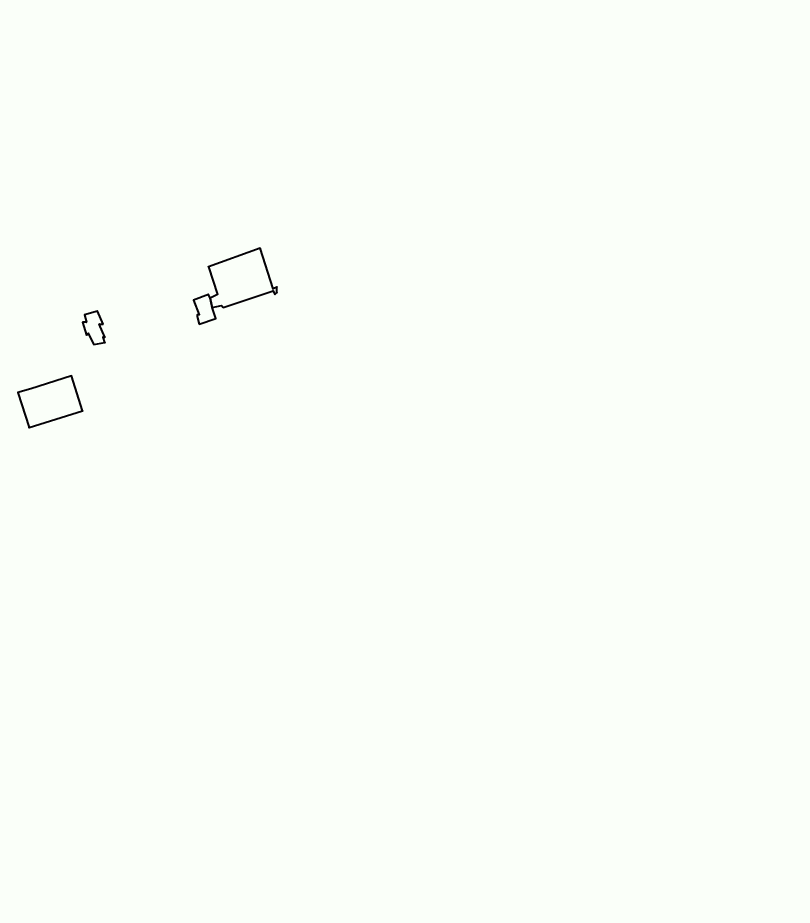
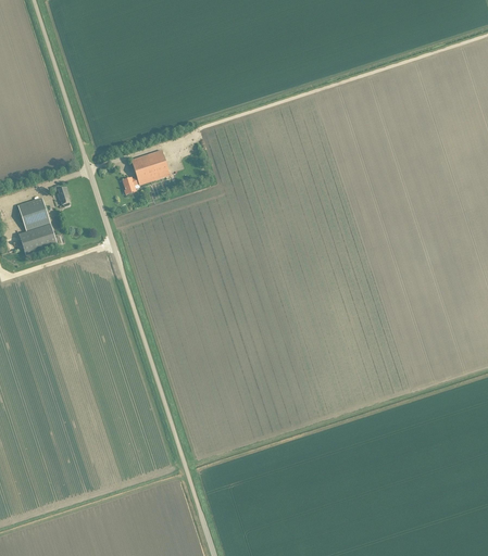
building: none -> [17,197,50,231]

